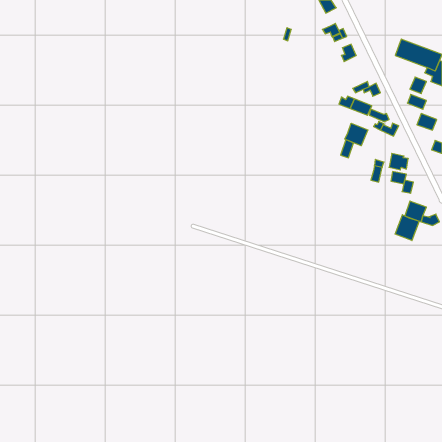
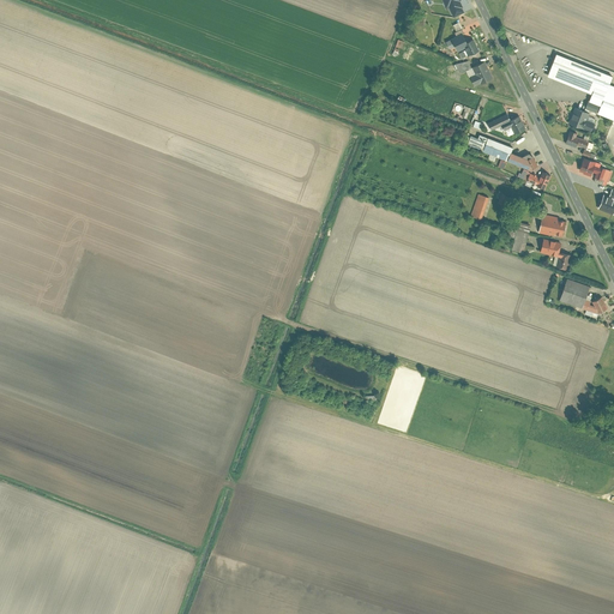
building: [345,123,368,146] -> none
building: [395,215,419,241] -> none

